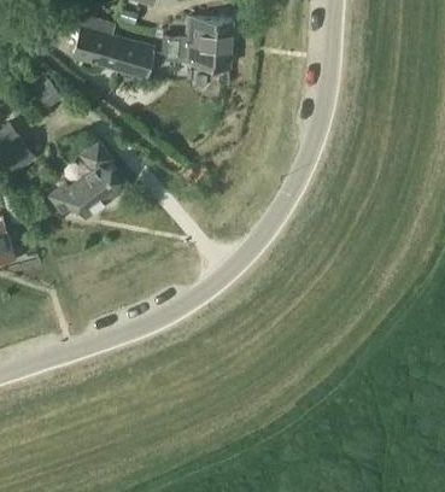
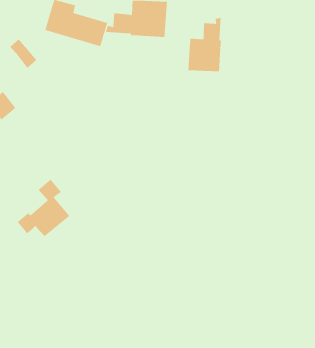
building: none -> [188,17,222,72]
building: [48,140,118,216] -> [17,179,70,237]

